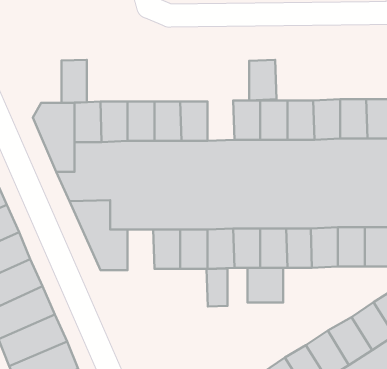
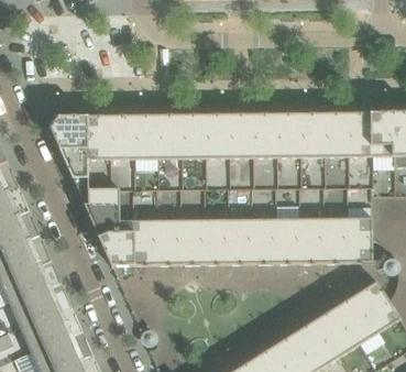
building: [249,60,276,100] -> [207,112,231,149]
building: [61,60,87,103] -> none
building: none -> [135,228,160,263]
building: [248,268,283,303] -> none
building: [207,268,228,306] -> none

